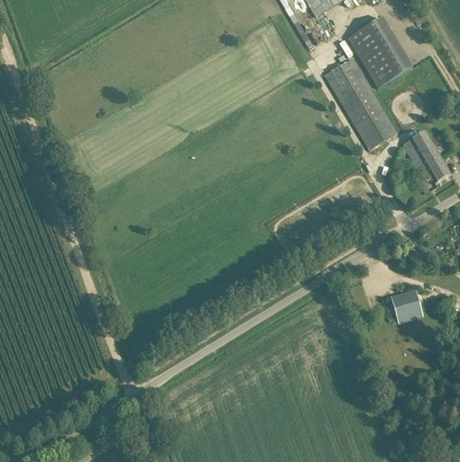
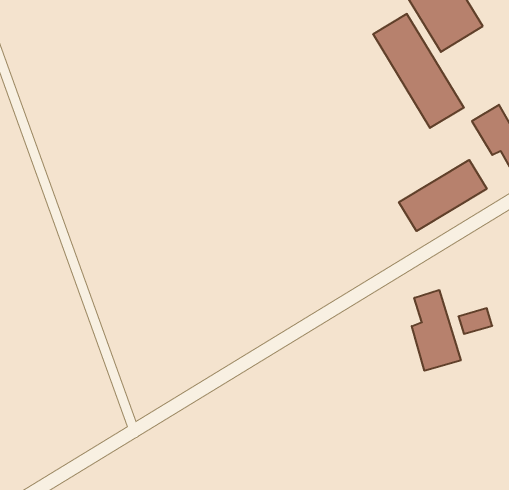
building: none -> [399,160,487,231]
building: none -> [412,290,461,371]

